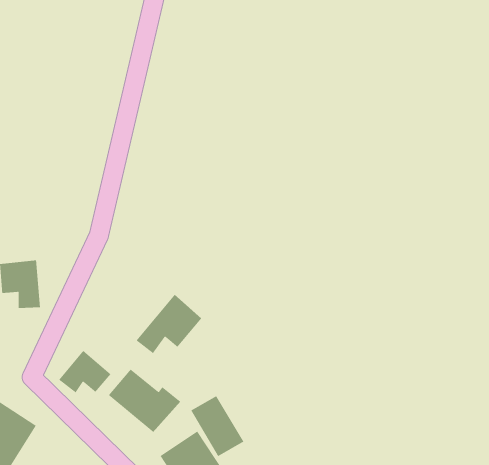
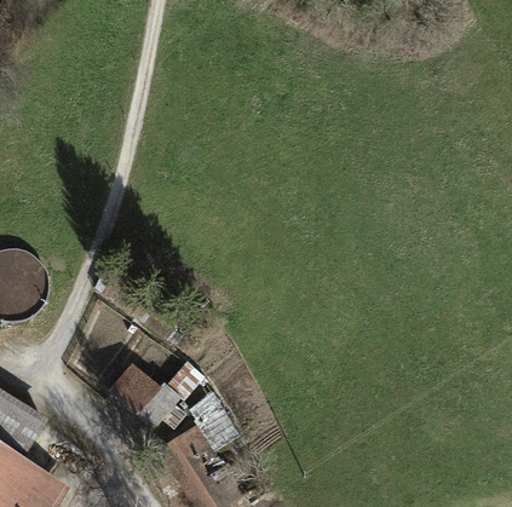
building: [136,294,202,354] -> none
building: [58,350,112,394] -> none

